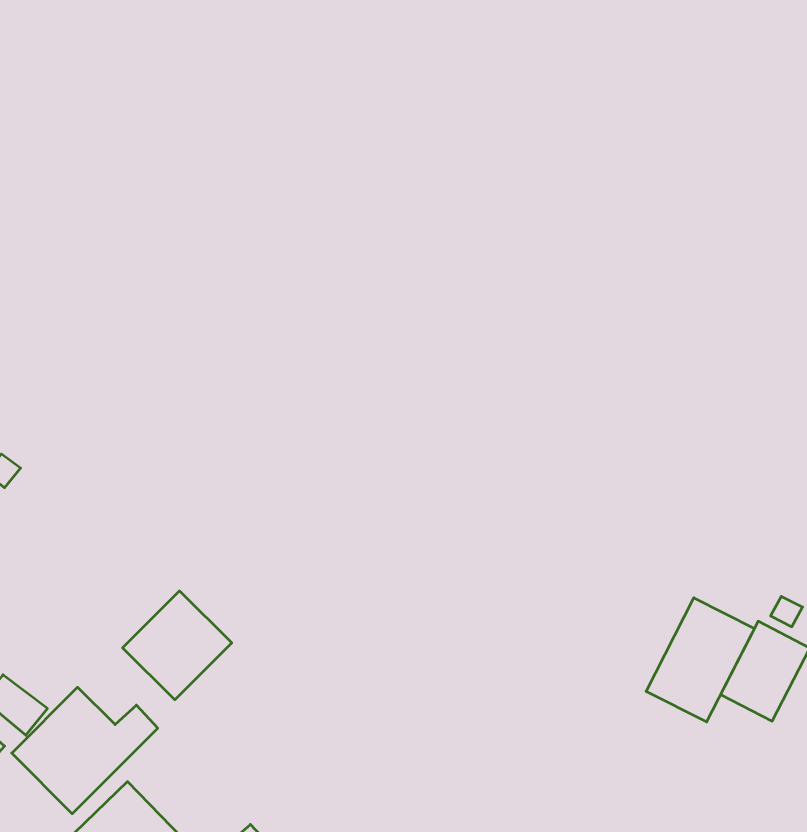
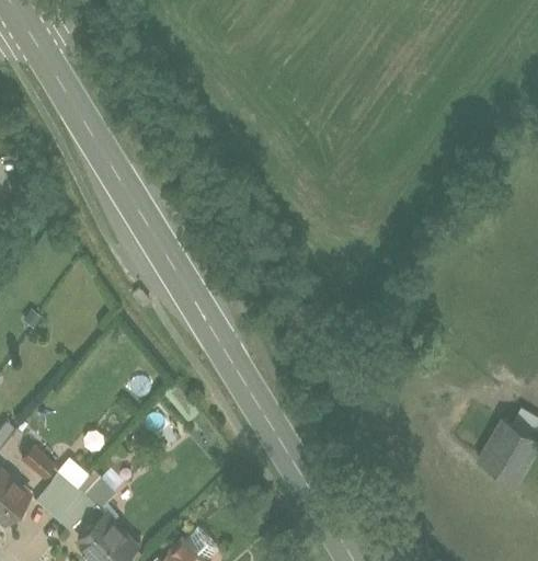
building: [123,591,232,700] -> none
building: [646,598,754,722] -> none

